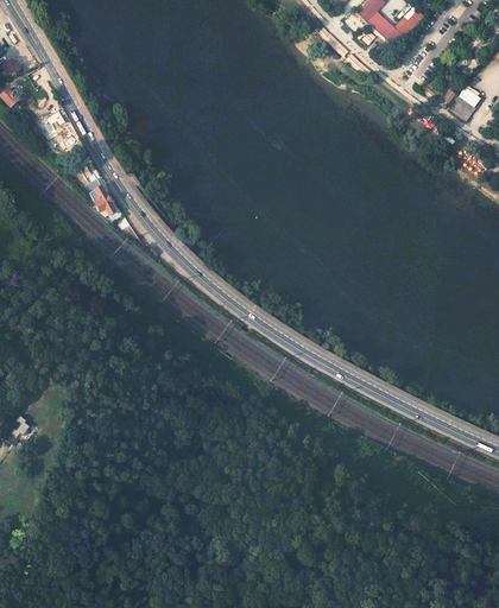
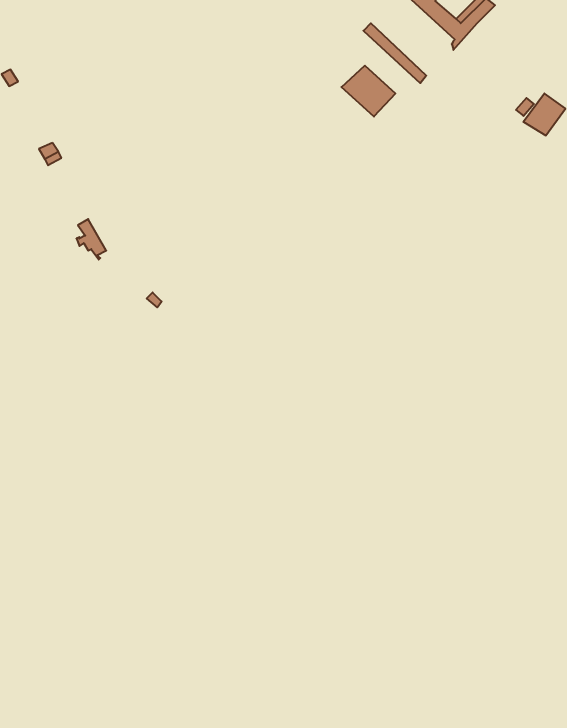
building: none -> [341,66,395,117]

